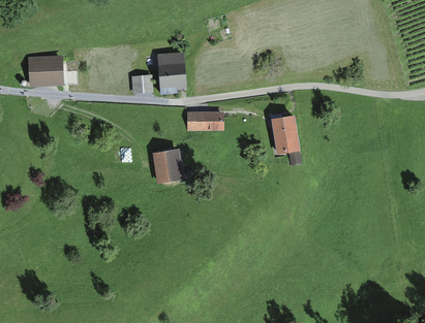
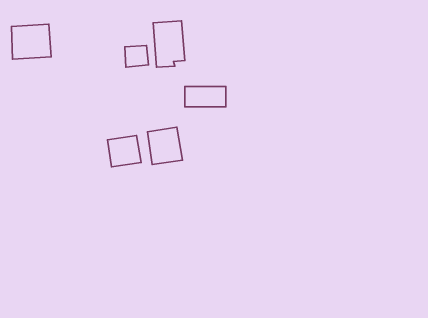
building: [270,115,301,164] -> none
building: none -> [108,135,141,167]

